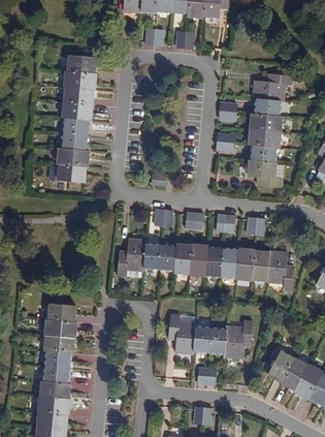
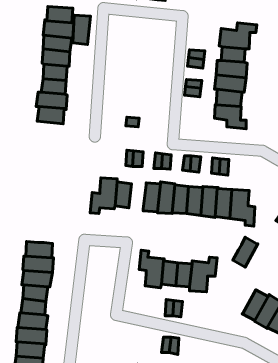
building: none -> [73,15,90,44]
building: [157,244,175,271] -> none
building: [266,350,293,382] -> [233,237,258,267]

